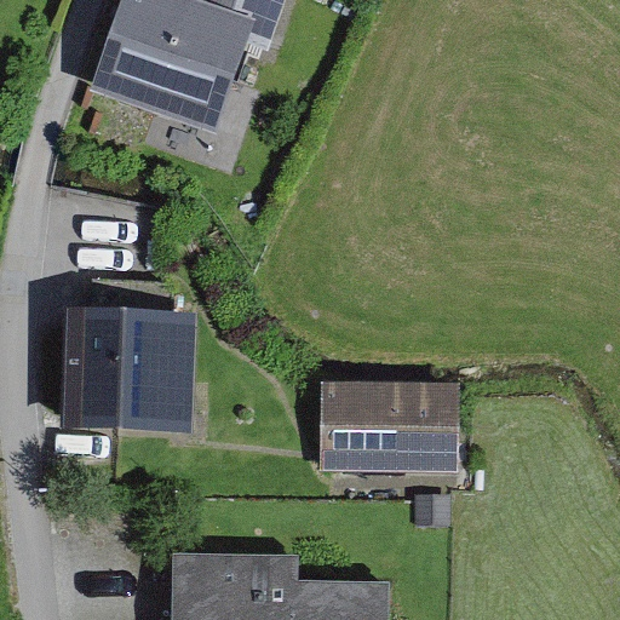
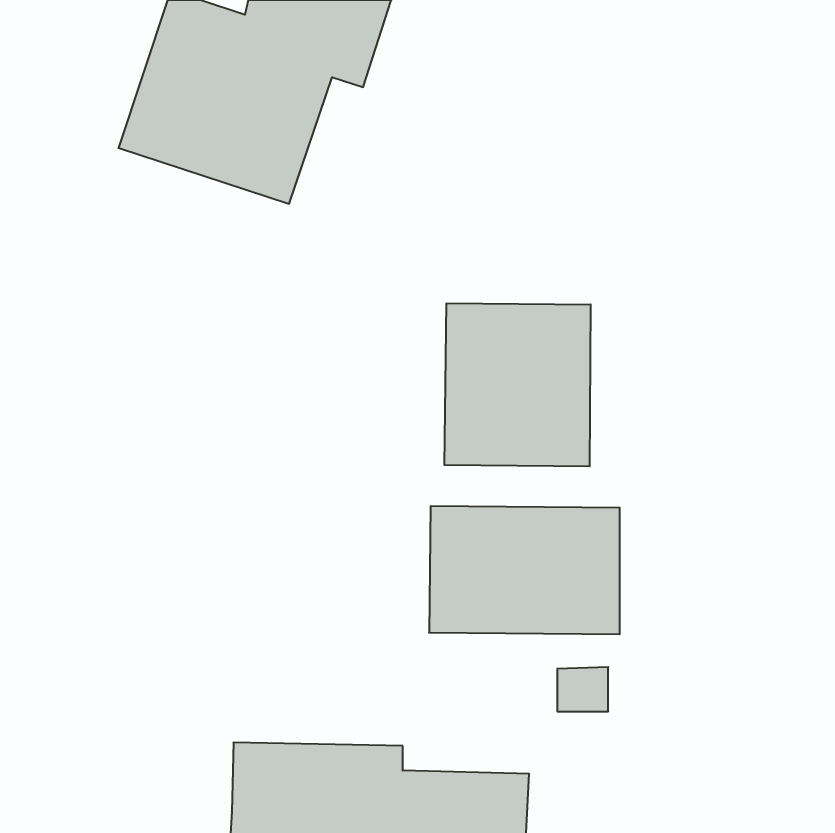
building: none -> [444,303,591,466]
building: [54,300,195,430] -> none

